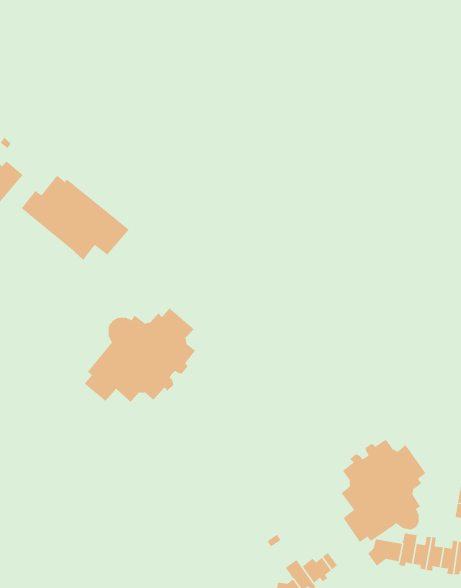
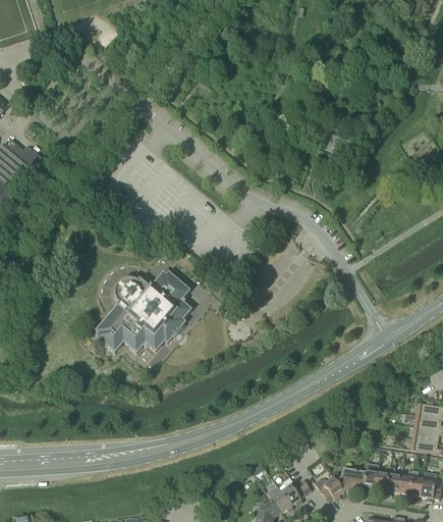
building: [21,175,129,261] -> none
building: [341,439,426,543] -> none
building: none -> [314,475,343,502]

